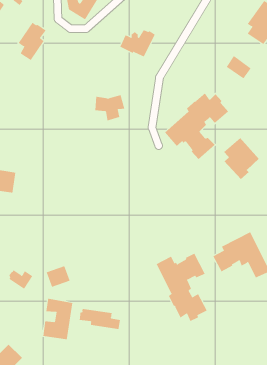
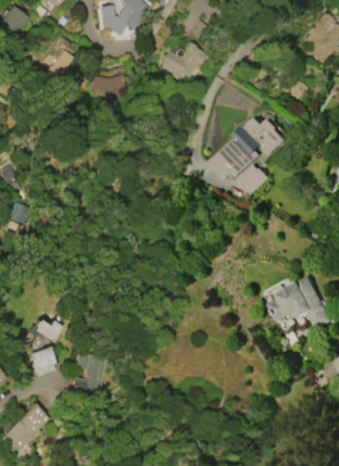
building: [95,94,125,121] -> [95,73,129,103]
building: [223,137,260,180] -> none
building: [156,253,207,322] -> none
building: [46,266,71,288] -> [27,347,55,371]
building: [79,308,120,330] -> none

